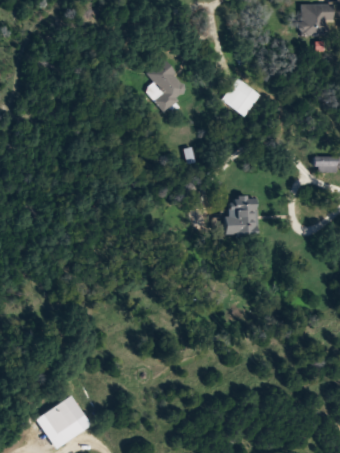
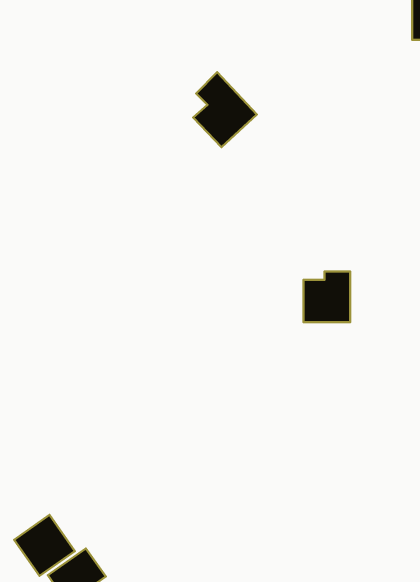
building: [220,77,260,117] -> none
building: none -> [14,515,75,576]

